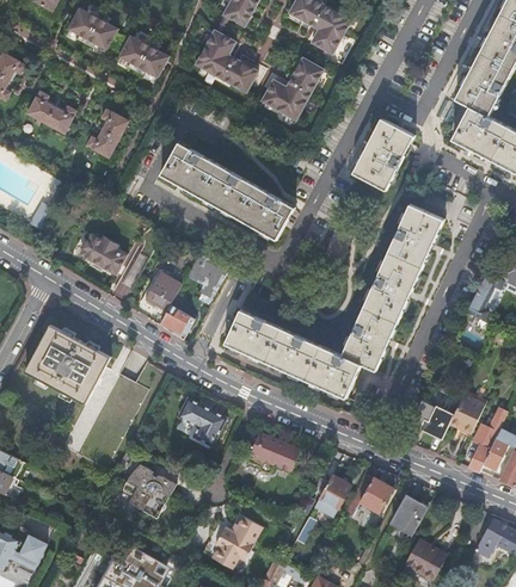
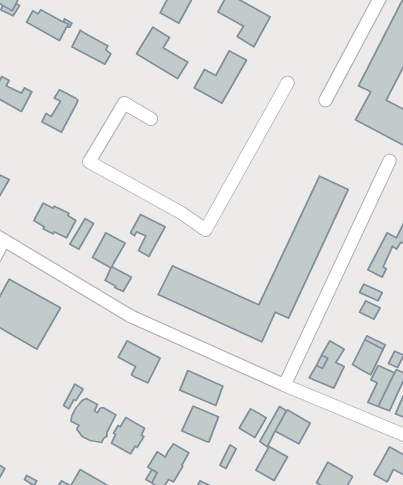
building: [352,121,413,192] -> none
building: [160,143,294,239] -> none
building: none -> [182,406,219,442]
building: none -> [112,417,145,454]
building: [389,495,426,535] -> [256,447,288,481]

